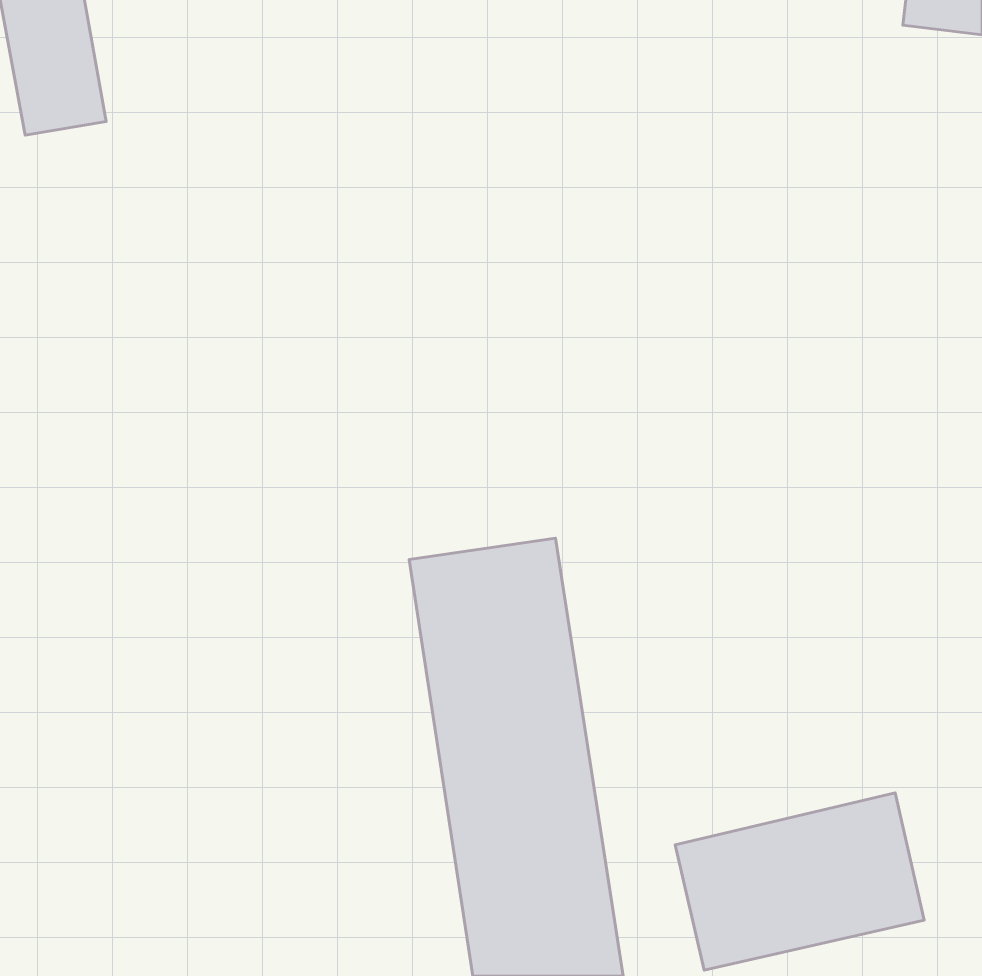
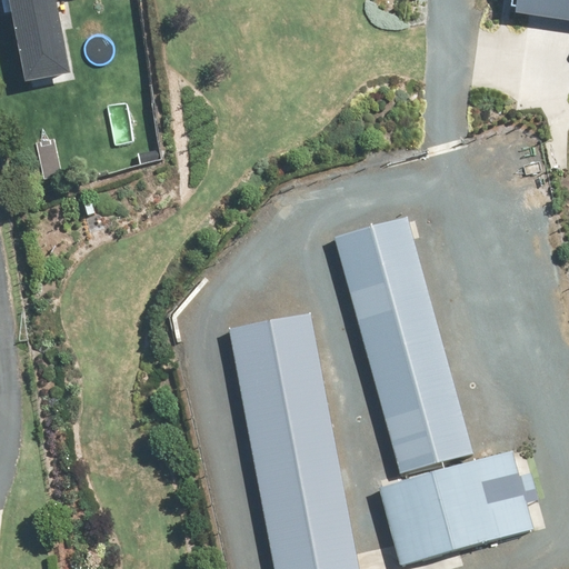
building: none -> [332,224,472,478]

